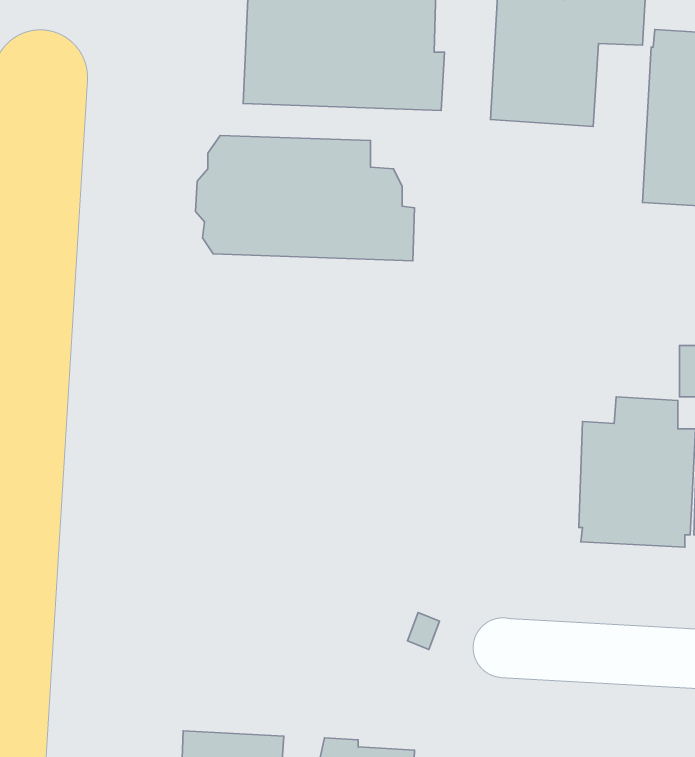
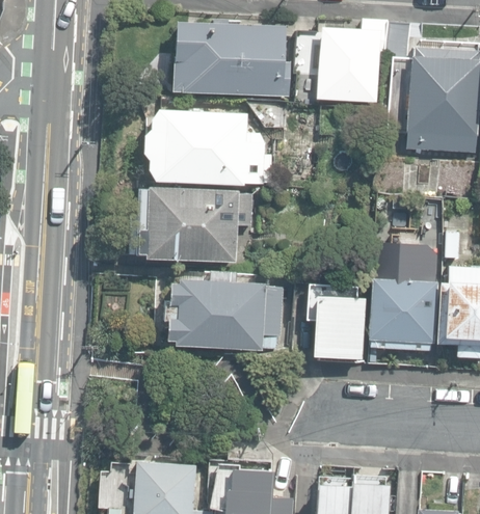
building: none -> [131,189,254,262]
building: none -> [165,270,285,350]
building: none -> [313,294,368,361]

